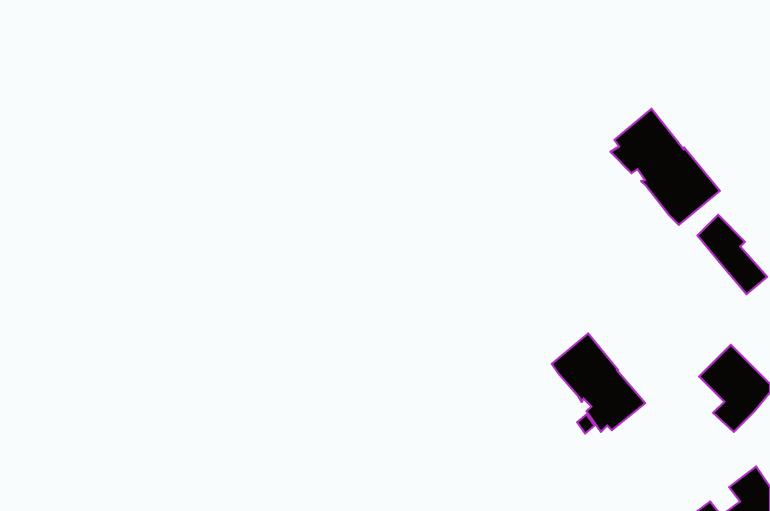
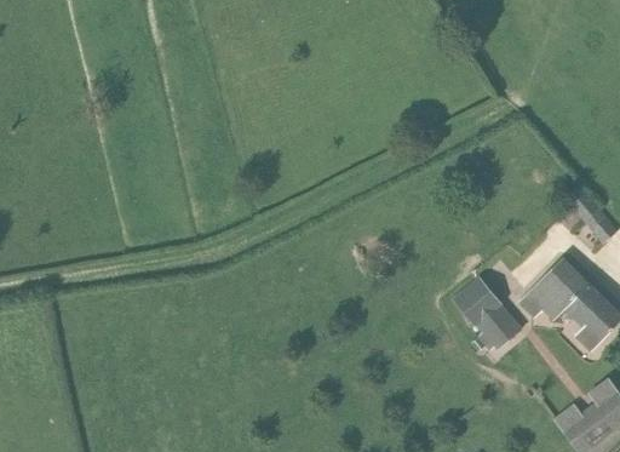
building: [611,109,720,225] -> none
building: none -> [518,258,589,320]

